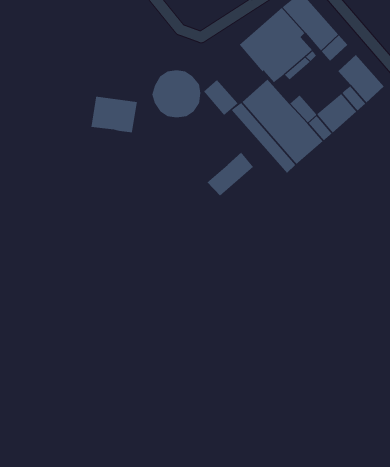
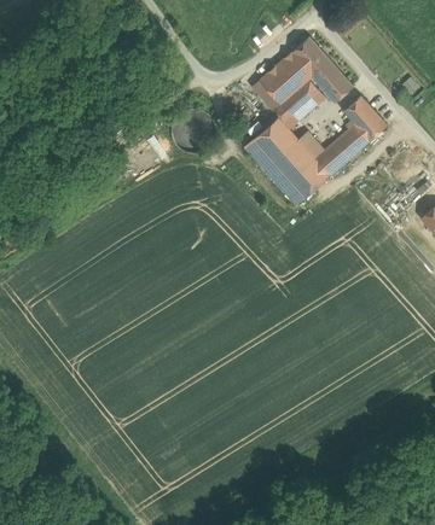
building: [203,79,238,116] -> none
building: [91,96,137,133] -> none
building: [206,152,254,197] -> none

